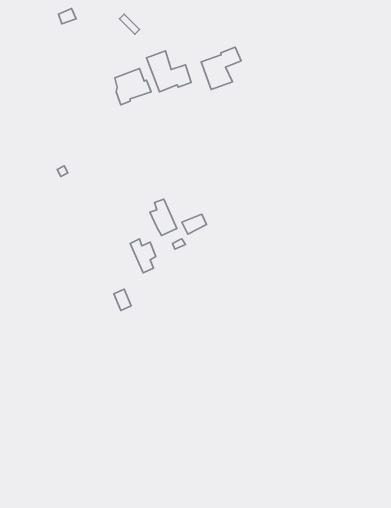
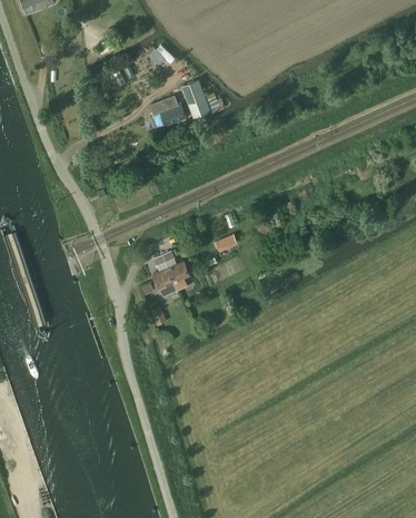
building: [201,47,241,90] -> none
building: [150,199,177,236] -> [151,262,177,296]

